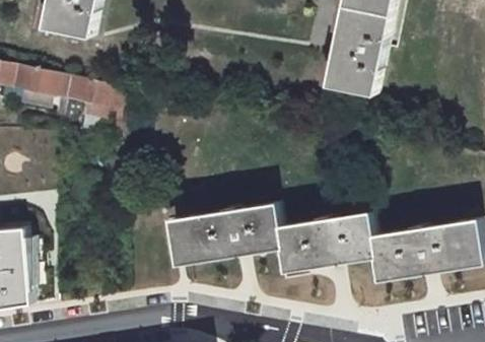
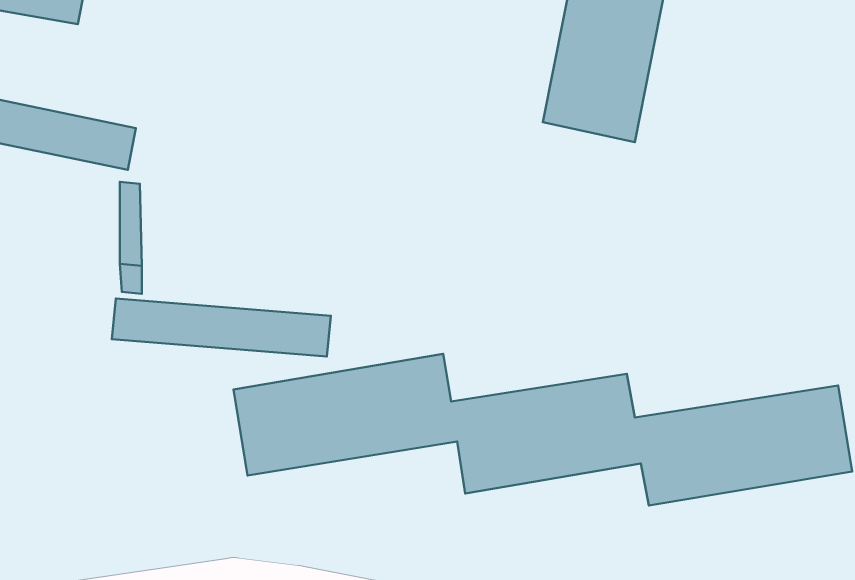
building: none -> [112,298,331,356]

